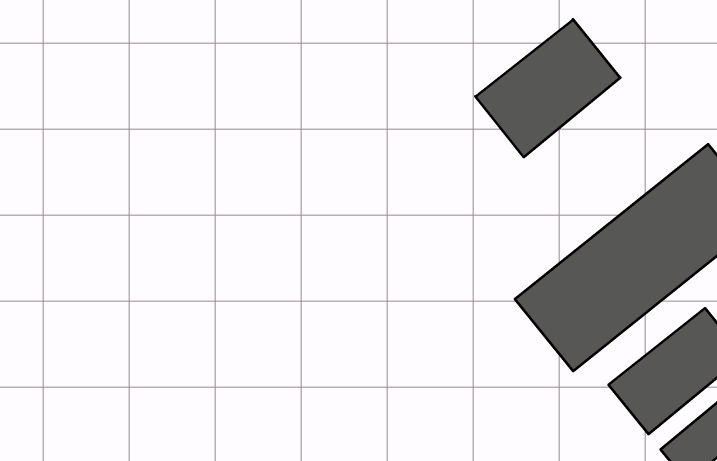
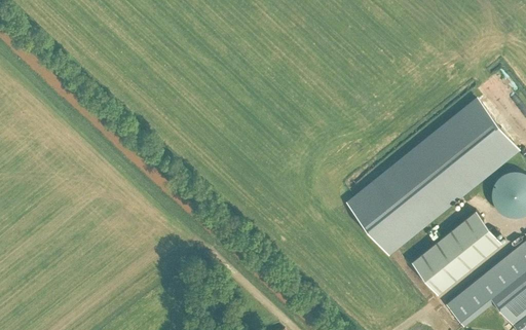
building: [475,19,620,157] -> none

